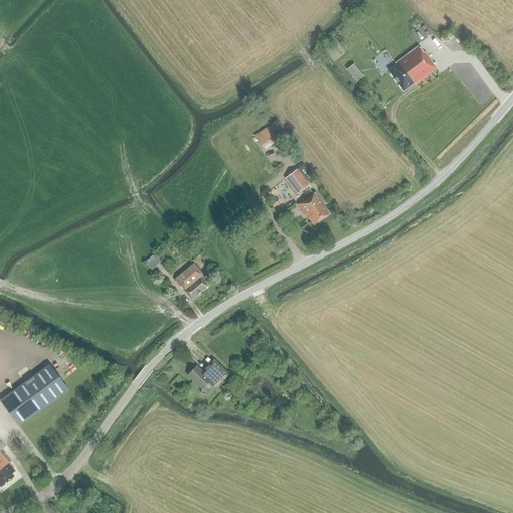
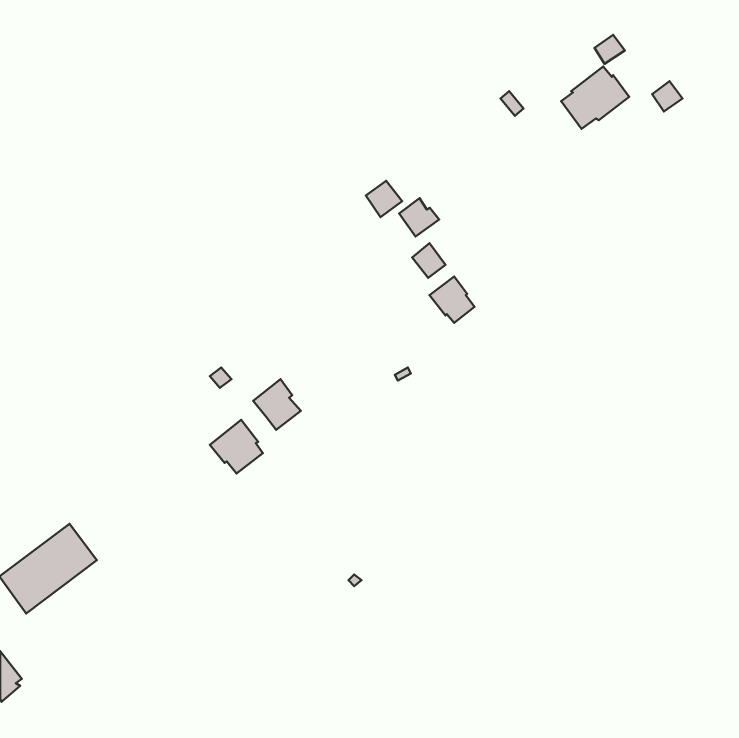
building: none -> [399,198,439,237]
building: none -> [210,420,263,474]
building: [187,358,229,394] -> none

